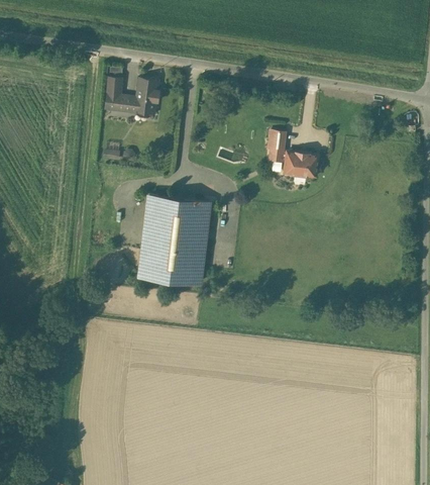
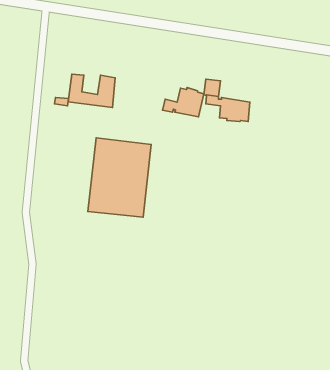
building: [104,78,155,114] -> [68,74,115,107]
building: none -> [163,87,204,117]

